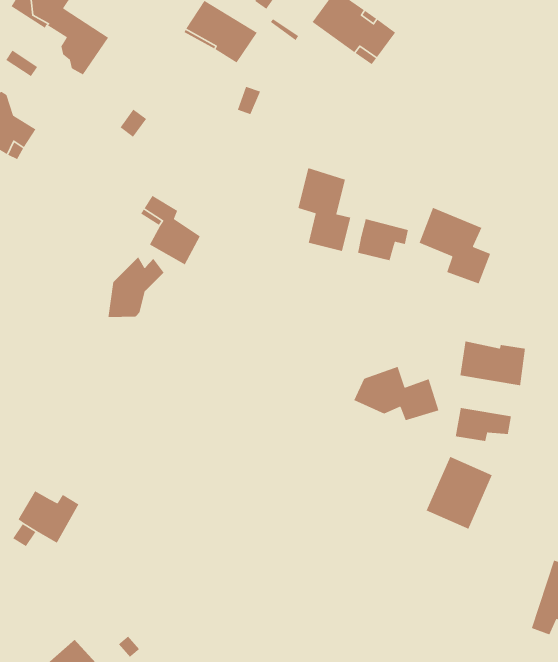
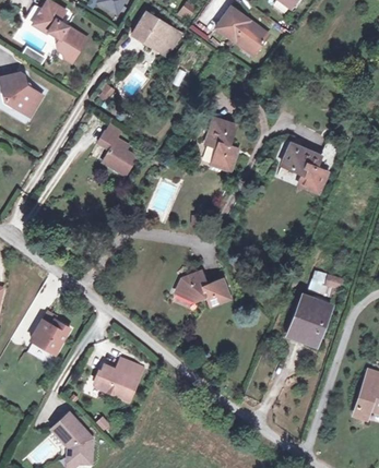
building: [357,218,409,261] -> none
building: [108,256,164,318] -> none
building: [460,340,526,386] -> none
building: [353,366,440,421] -> [175,271,229,305]
building: none -> [92,362,140,404]

